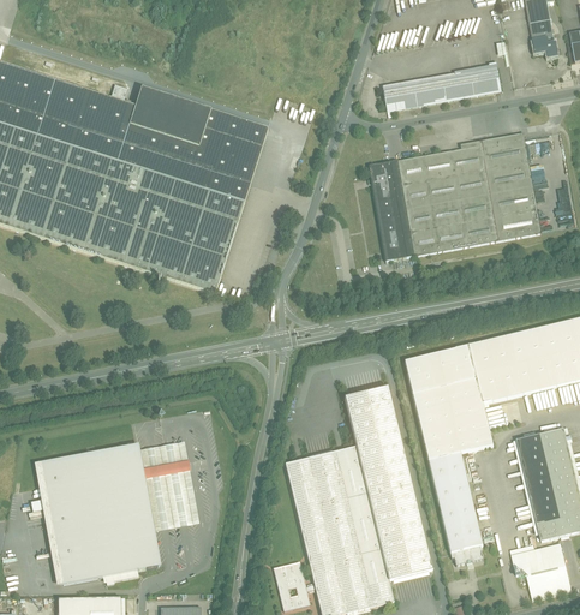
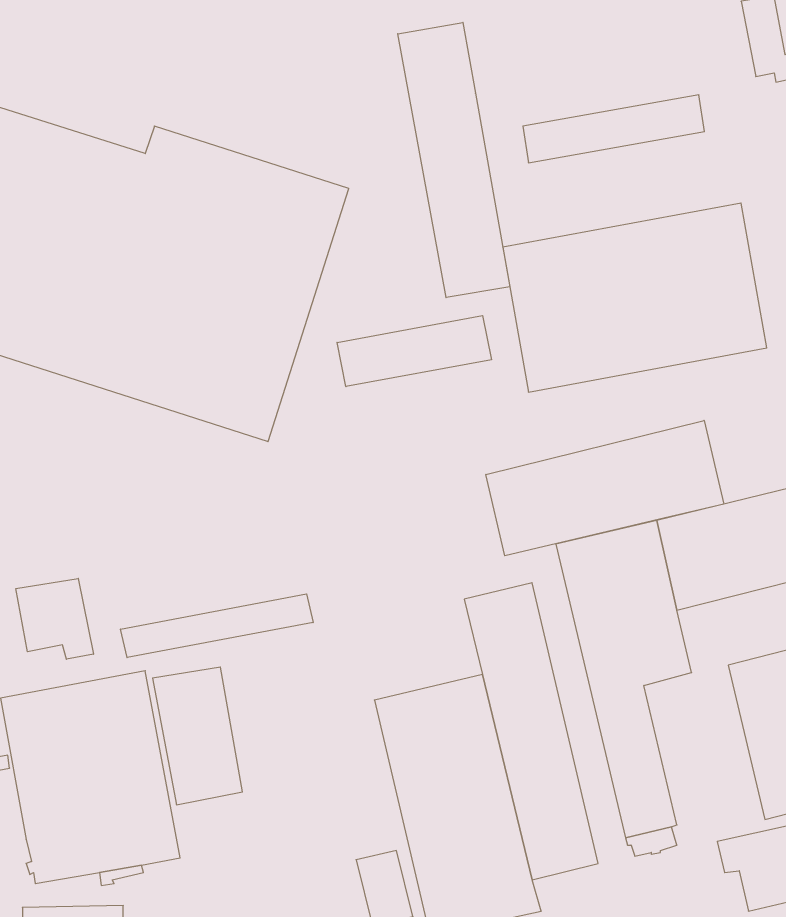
building: none -> [398,22,510,298]
building: none -> [337,316,491,387]
building: none -> [486,420,724,556]
building: none -> [16,578,93,659]
building: none -> [121,594,313,658]

